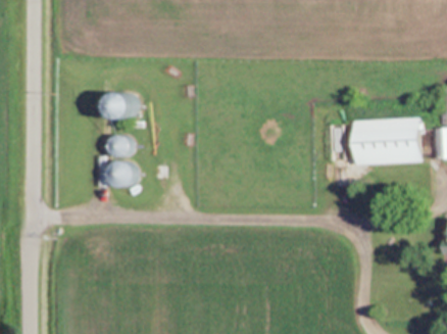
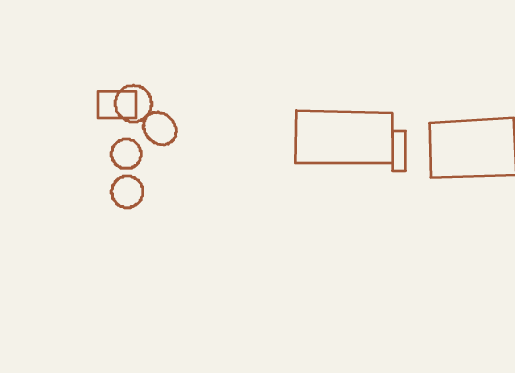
building: none -> [295,110,392,163]
building: none -> [143,112,176,145]

